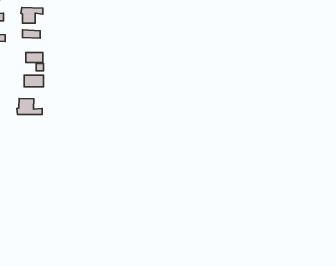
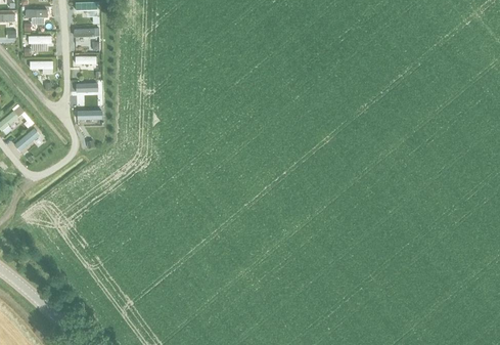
building: [17,98,42,115] -> none

